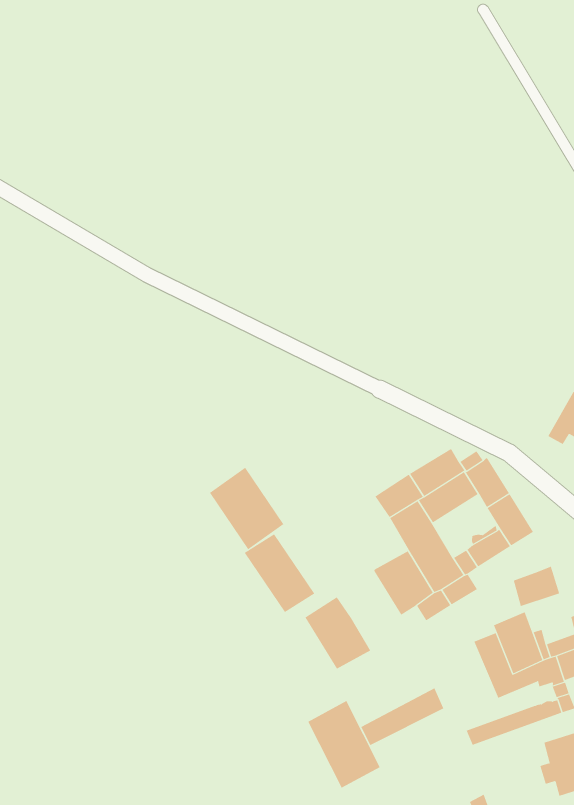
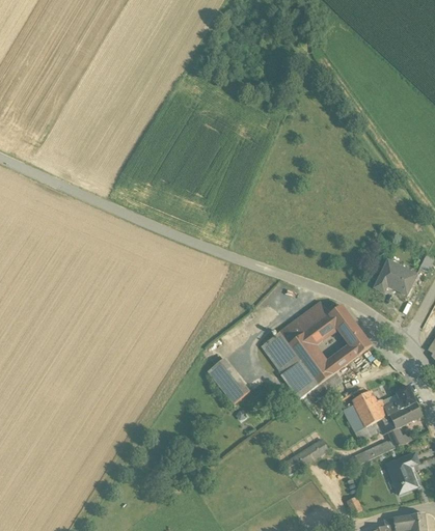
building: [209,467,284,550] -> none
building: [513,566,560,607] -> none
building: [304,597,371,669] -> [261,332,300,373]
building: [308,700,381,789] -> none

